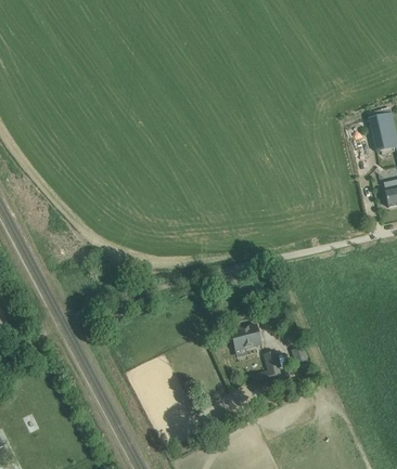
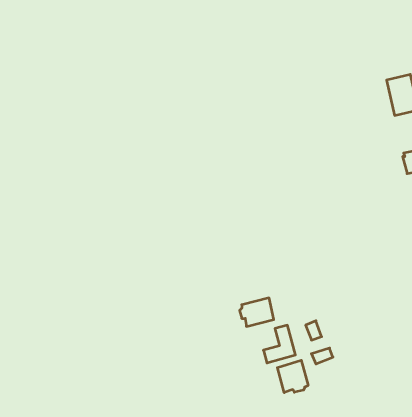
building: none -> [277,360,308,393]

